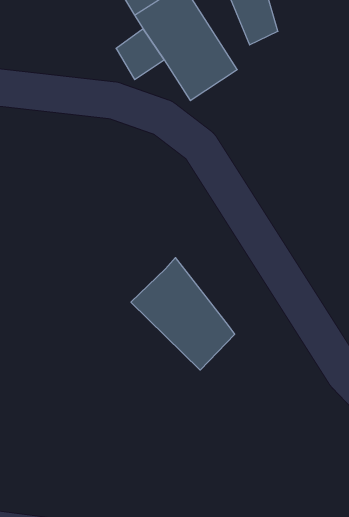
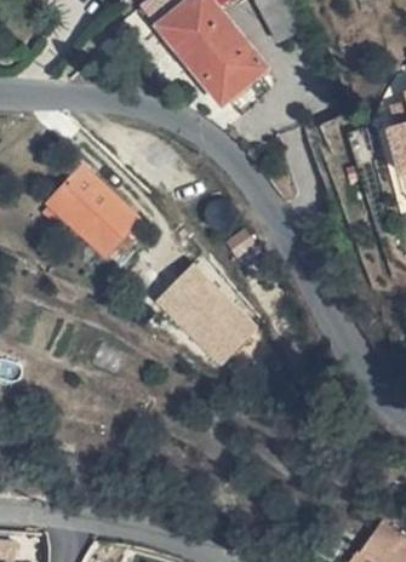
building: none -> [47,167,141,259]

